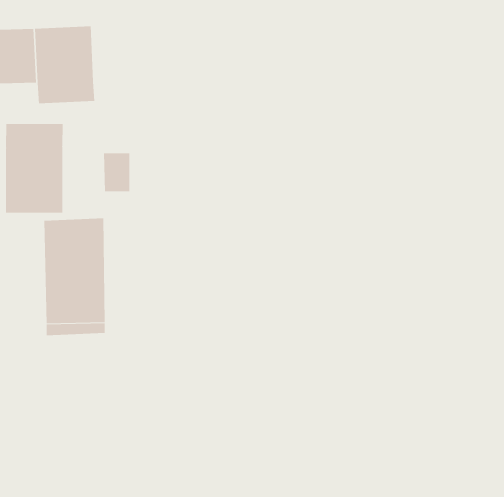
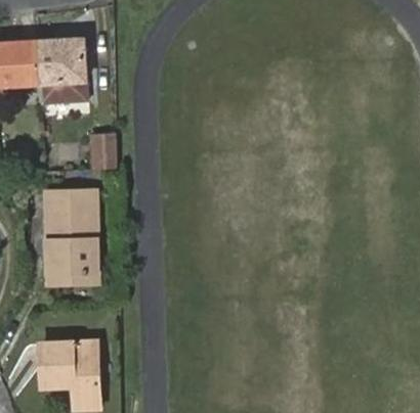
building: [6,123,63,213] -> none
building: none -> [41,340,98,406]

